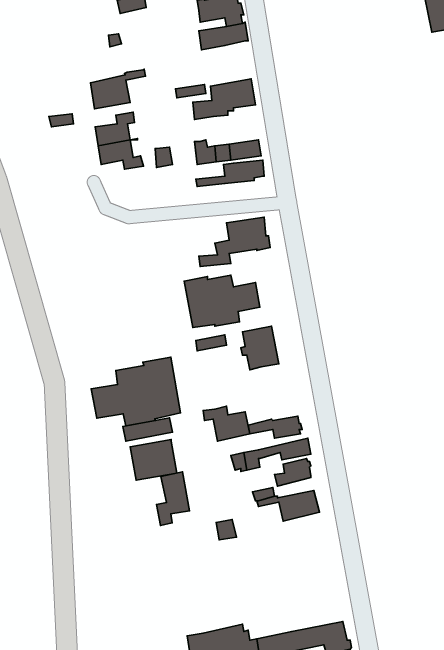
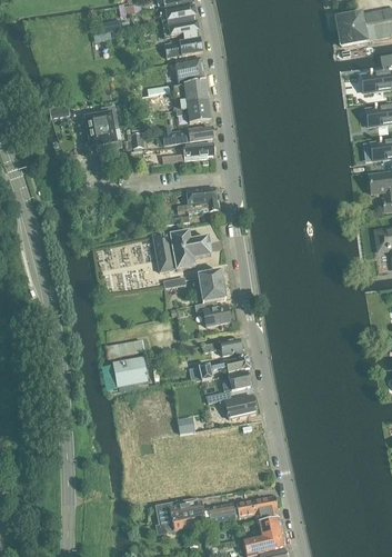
building: none -> [175,57,205,82]
building: [90,69,145,109] -> none
building: none -> [177,100,211,122]
building: [91,357,181,426] -> none
building: [203,406,250,441] -> [195,300,231,327]
building: [157,472,189,525] -> none

